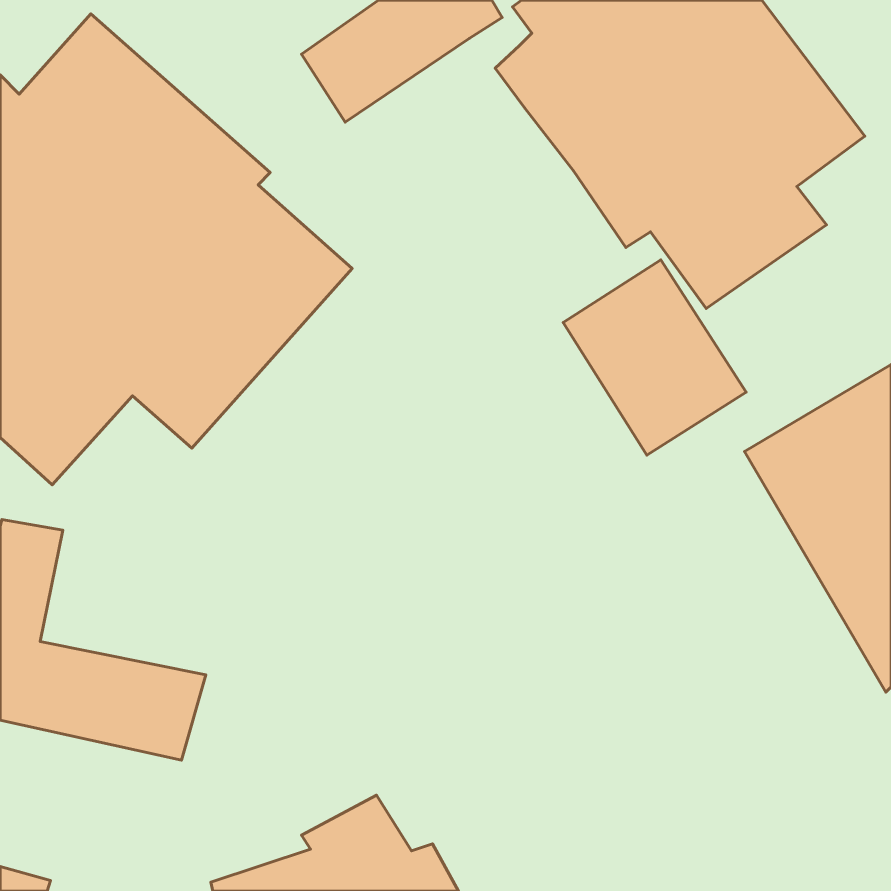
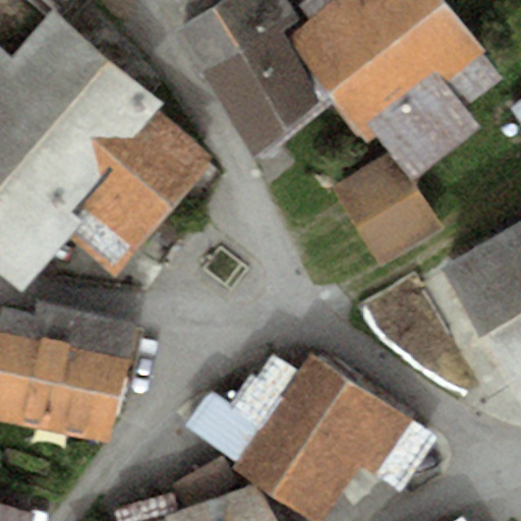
building: none -> [201,10,322,157]
building: none -> [23,300,135,394]
building: none -> [196,355,427,515]

